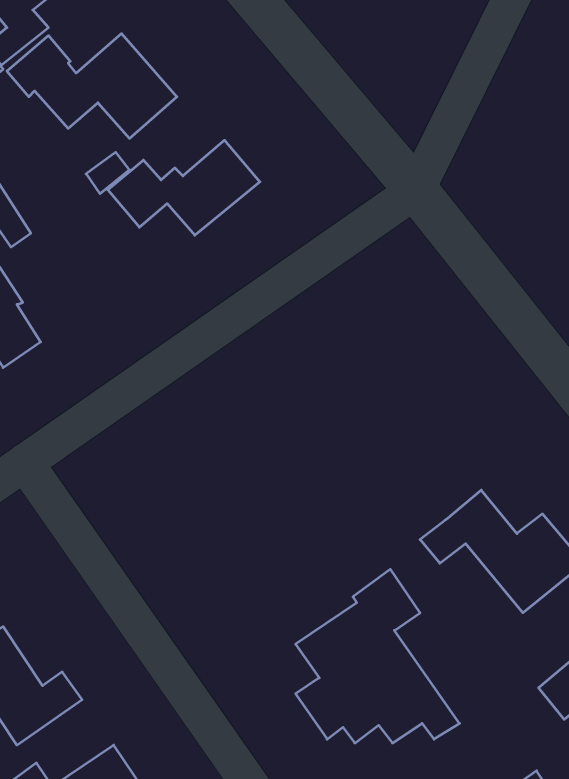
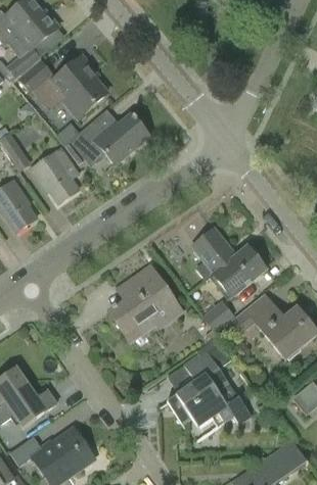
building: none -> [31,147,79,202]
building: none -> [190,228,265,297]
building: none -> [108,264,183,342]
building: none -> [202,299,235,331]

